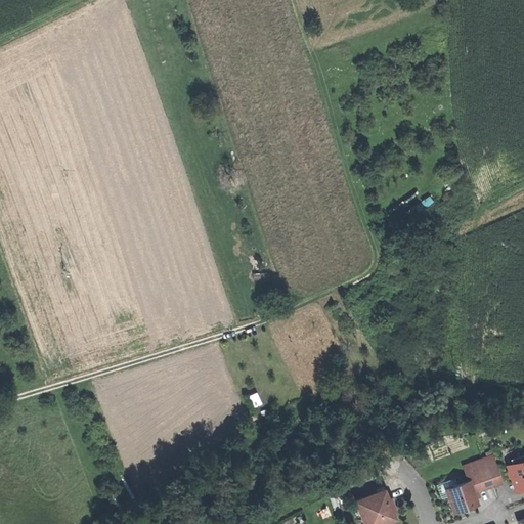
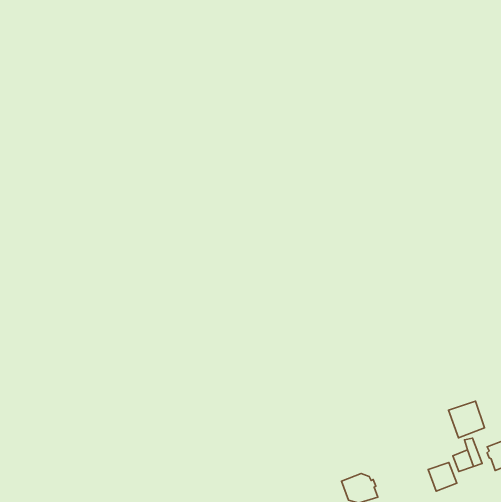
building: none -> [449,401,485,438]

